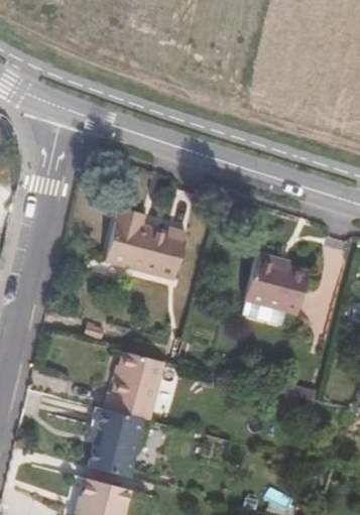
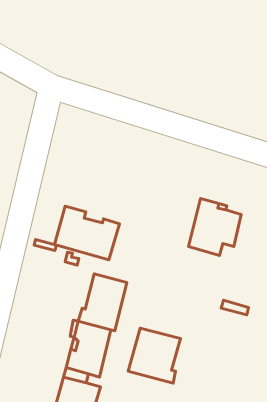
building: [106,212,188,279] -> [55,206,119,260]
building: none -> [128,328,181,383]

